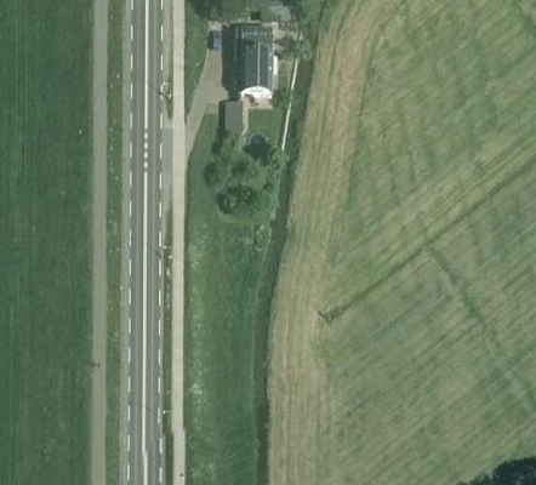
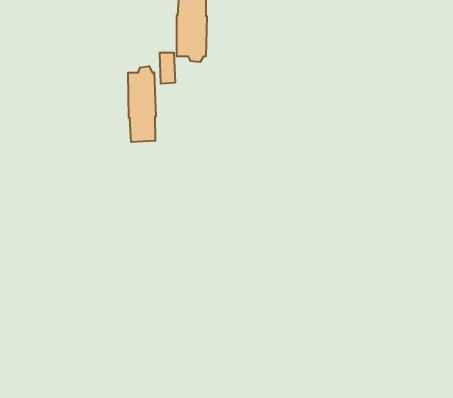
building: none -> [128,66,156,142]

